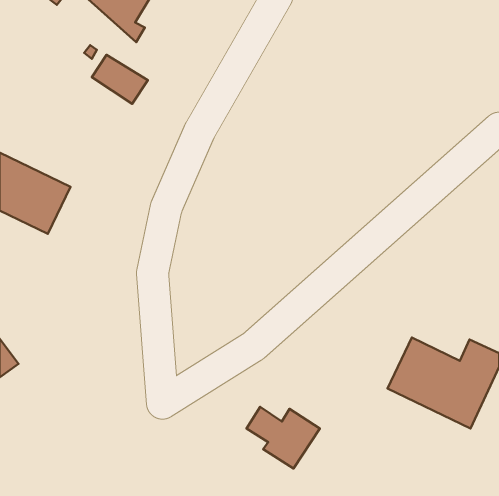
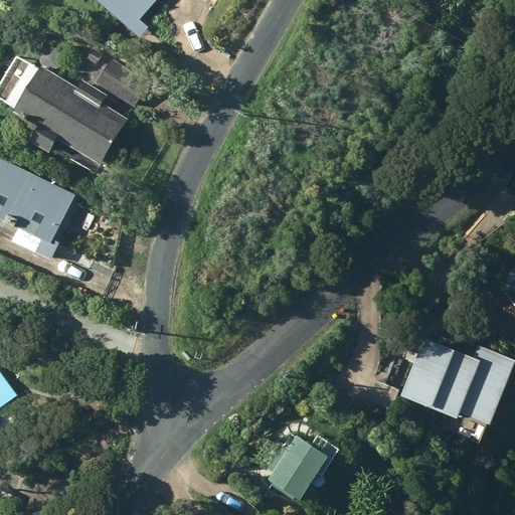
building: none -> [4,61,127,161]

